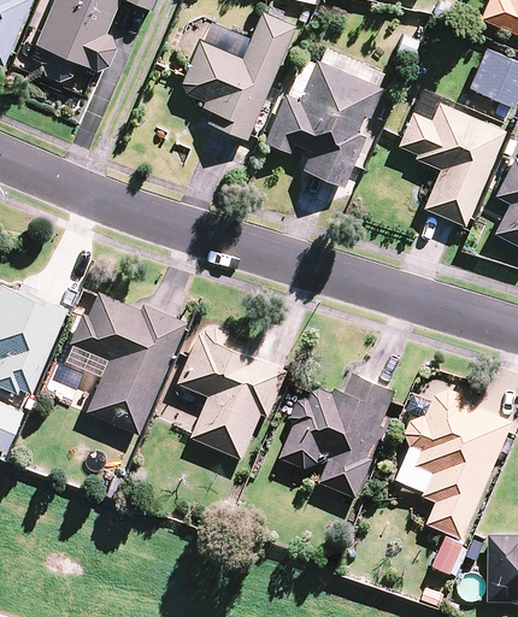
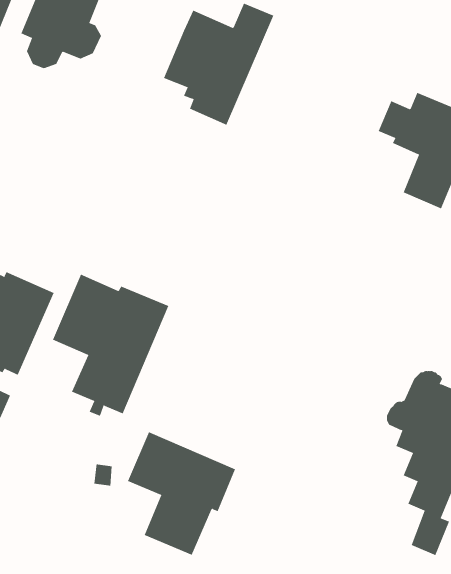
building: [263,60,378,184] -> none
building: [176,333,287,459] -> [127,432,236,555]
building: [281,375,390,496] -> none

